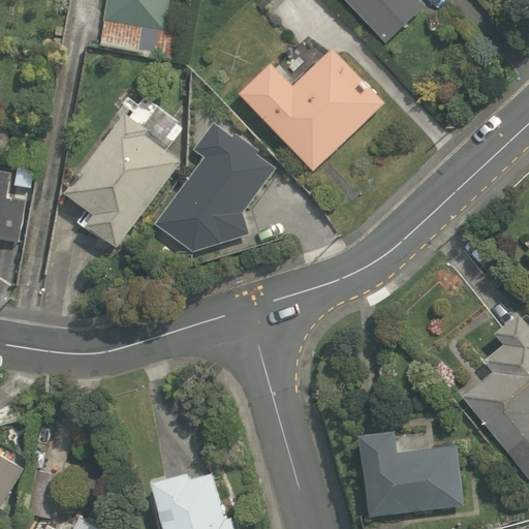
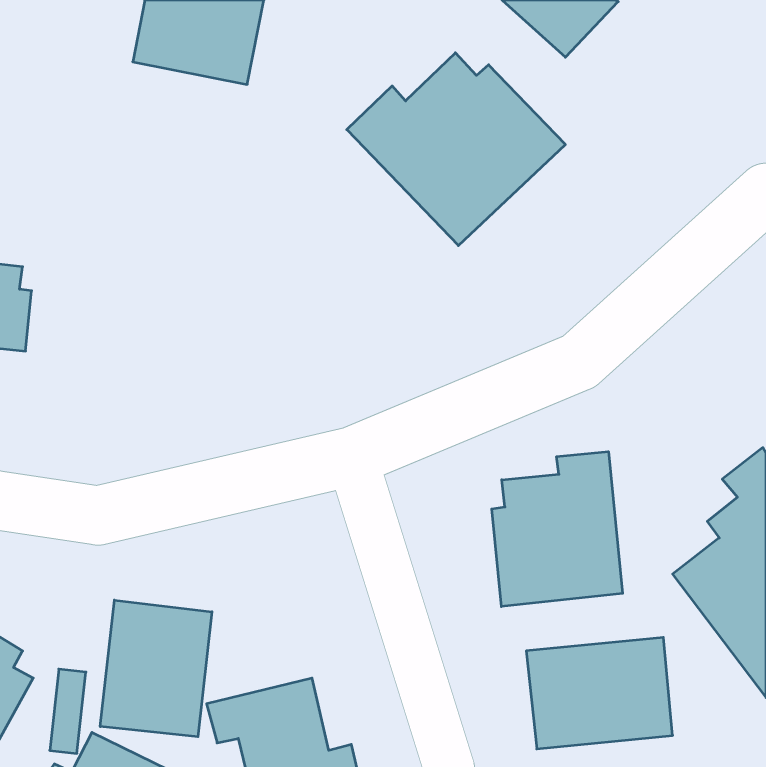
building: [64,111,179,248] -> none
building: [153,121,276,257] -> none
building: none -> [492,452,623,607]
building: none -> [100,600,212,737]

